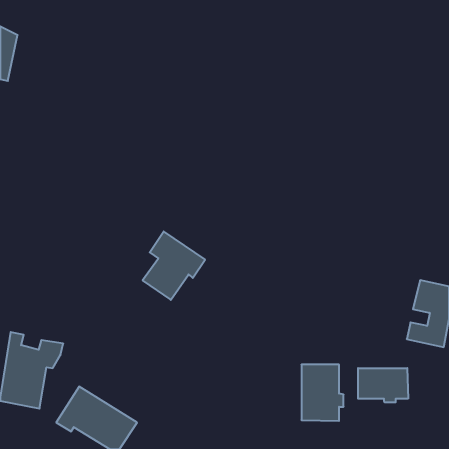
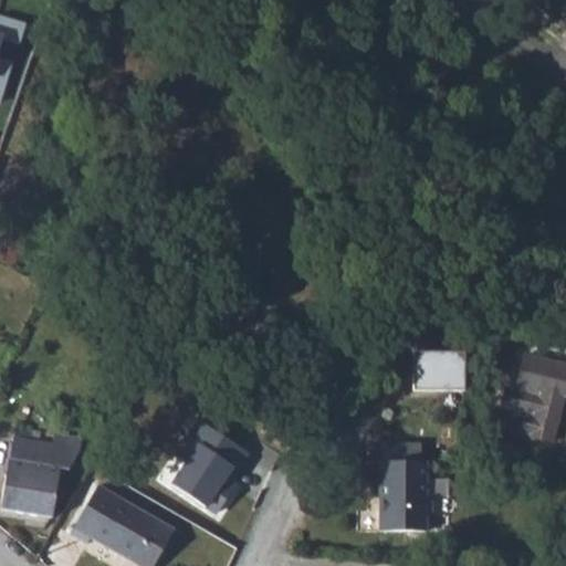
building: [143,231,205,300] -> [171,420,250,506]
building: none -> [416,352,467,389]
building: [358,368,408,402] -> none

